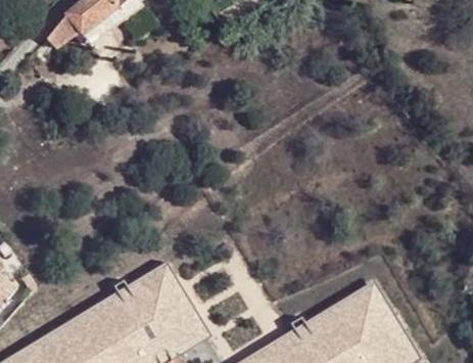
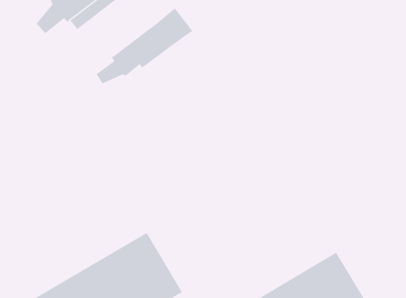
building: none -> [96,8,193,84]

